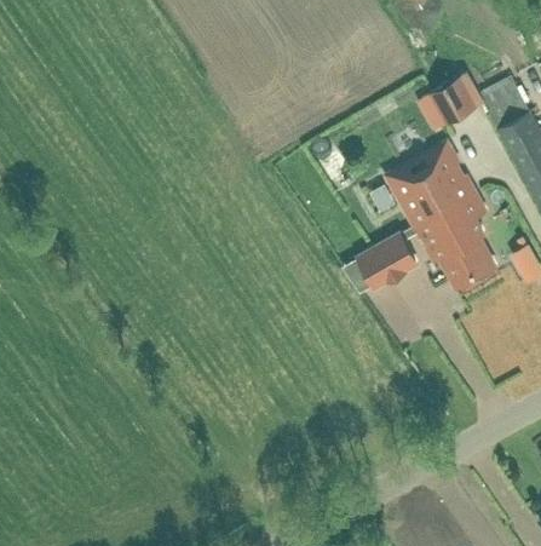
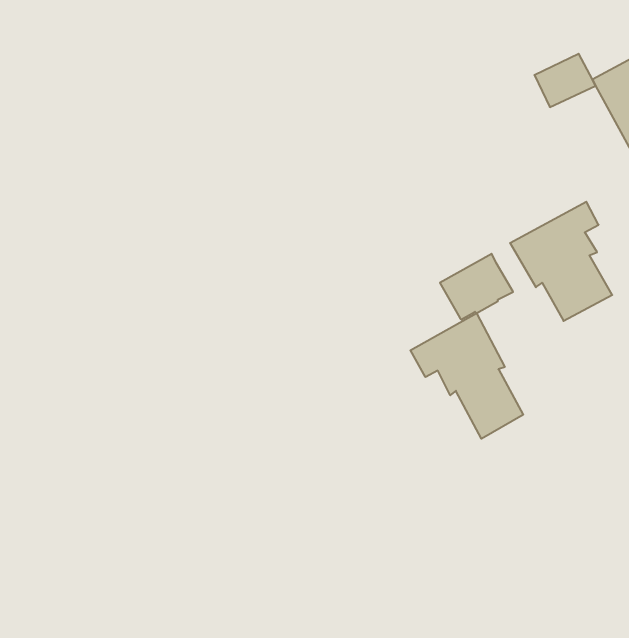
building: [387,144,476,228] -> none
building: none -> [410,313,523,439]

